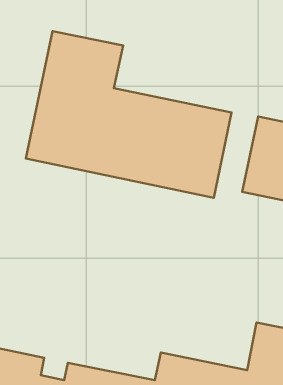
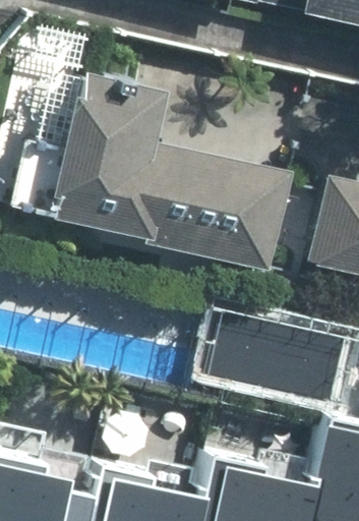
building: none -> [210,313,345,401]

